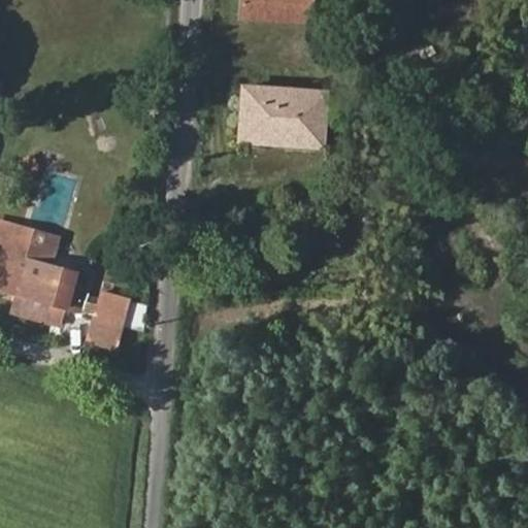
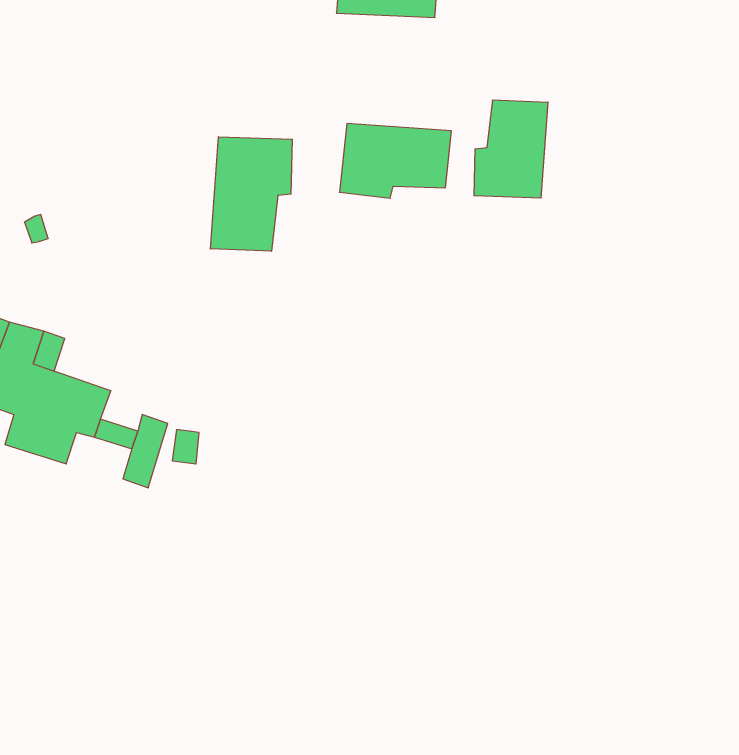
building: none -> [474,100,548,198]
building: none -> [210,137,292,251]

